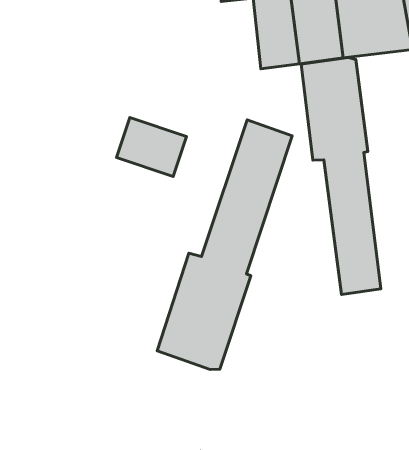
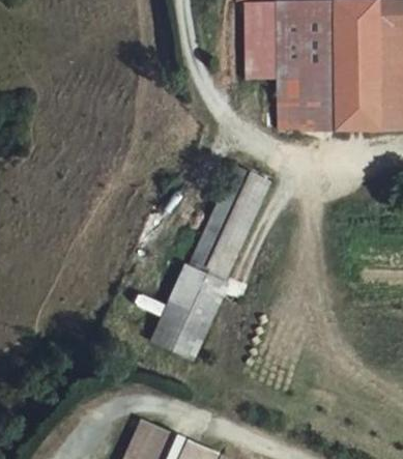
building: [301,57,381,295] -> none
building: [116,118,187,177] -> none

